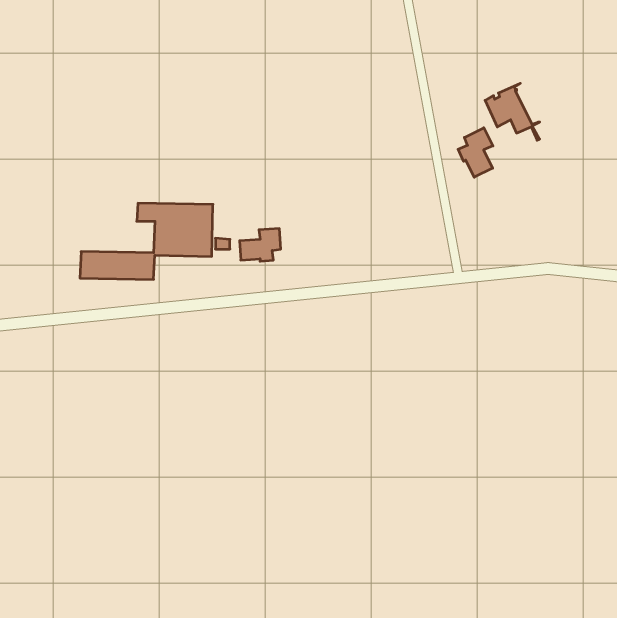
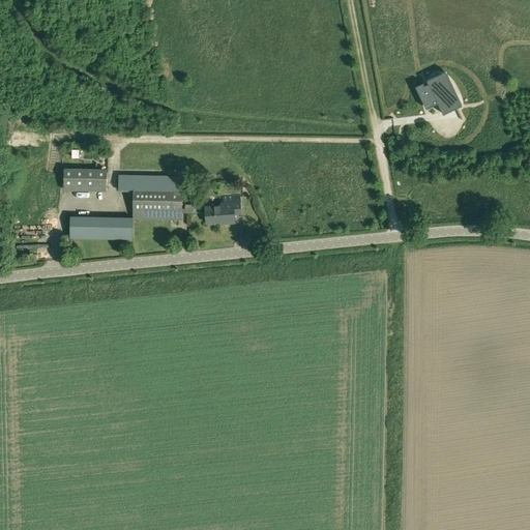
building: [458,128,493,177] -> none
building: none -> [63,172,107,192]

